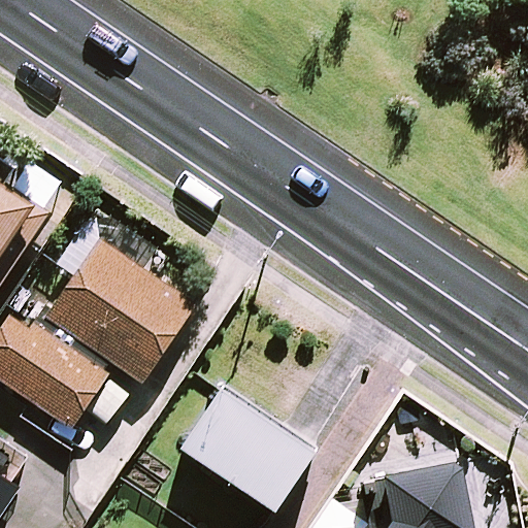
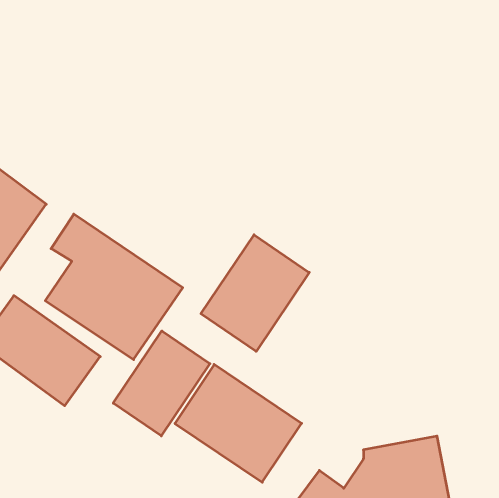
building: none -> [201,235,309,351]
building: none -> [113,331,210,436]

